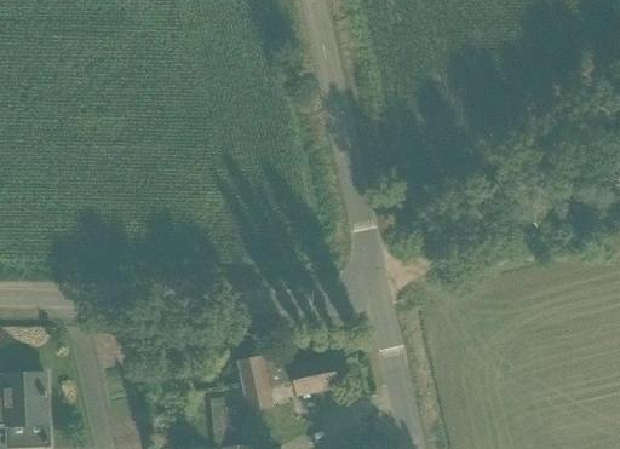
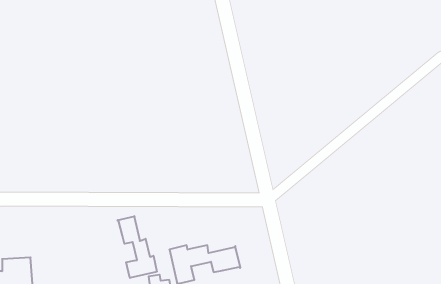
building: none -> [118,216,157,278]

